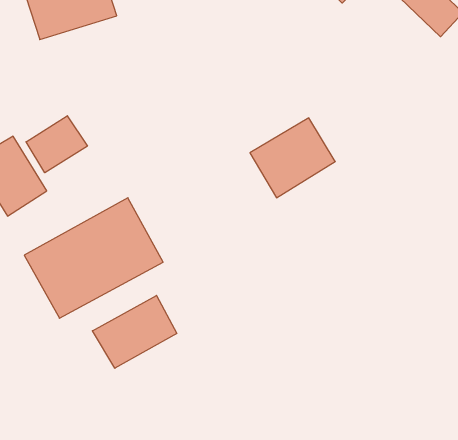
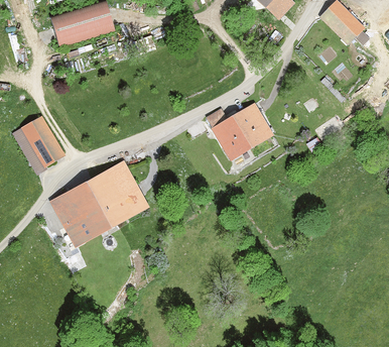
building: [26,116,87,173] -> none
building: [92,295,177,368] -> none

